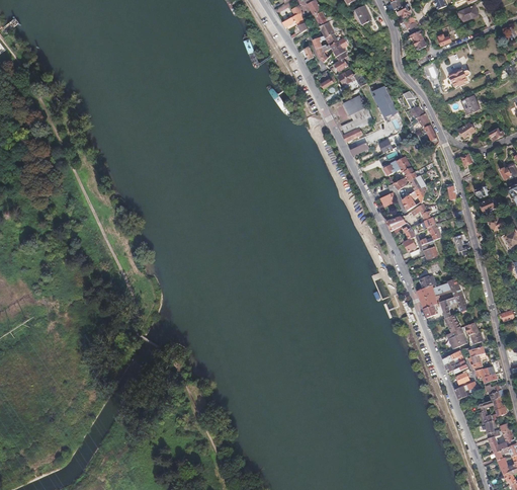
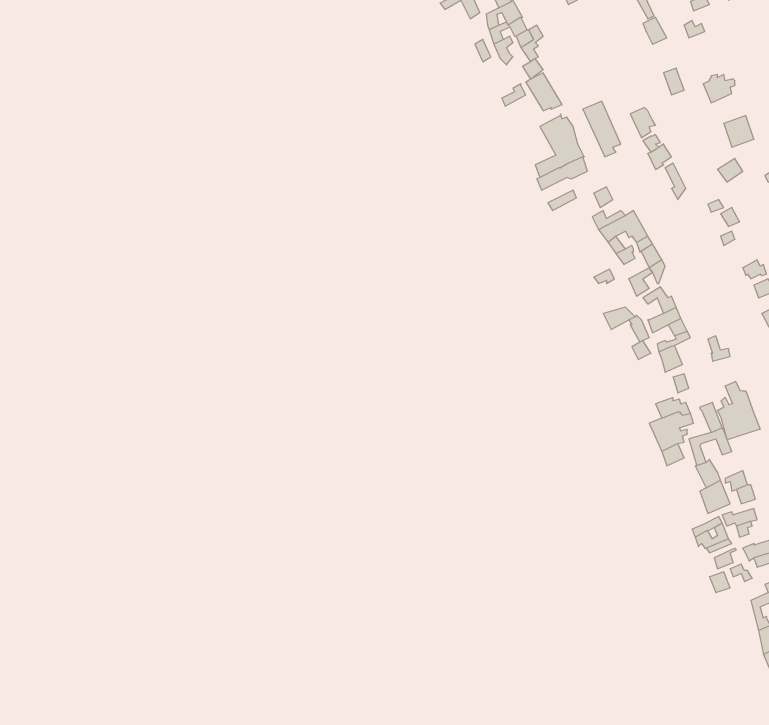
building: none -> [717,381,760,440]

